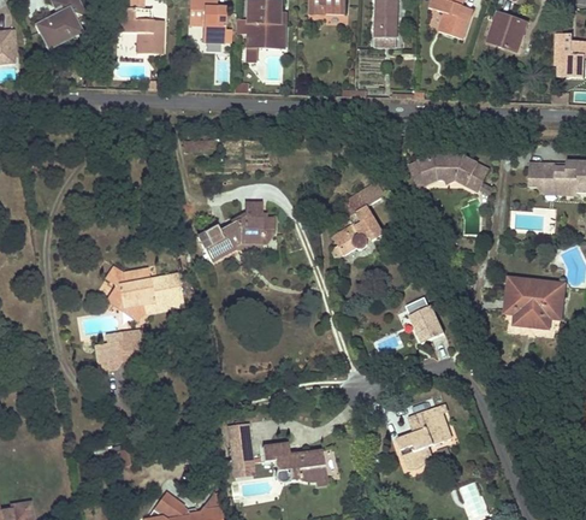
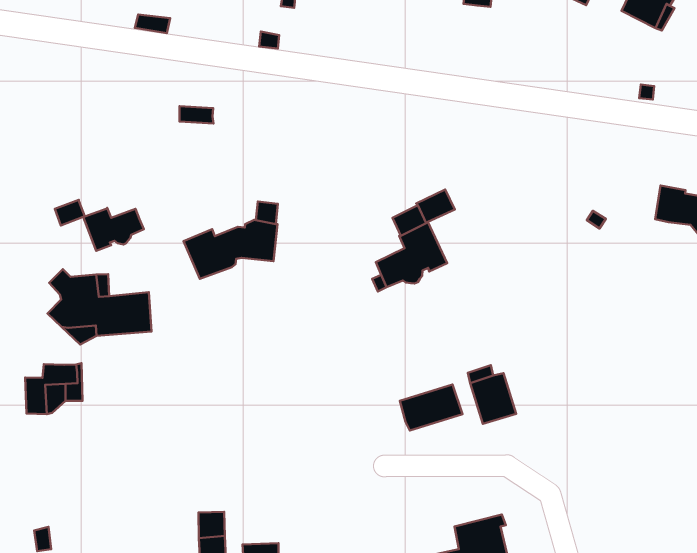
building: [409,158,484,195] -> none
building: none -> [55,200,144,251]
building: [503,277,562,327] -> none
building: none -> [400,385,462,431]

